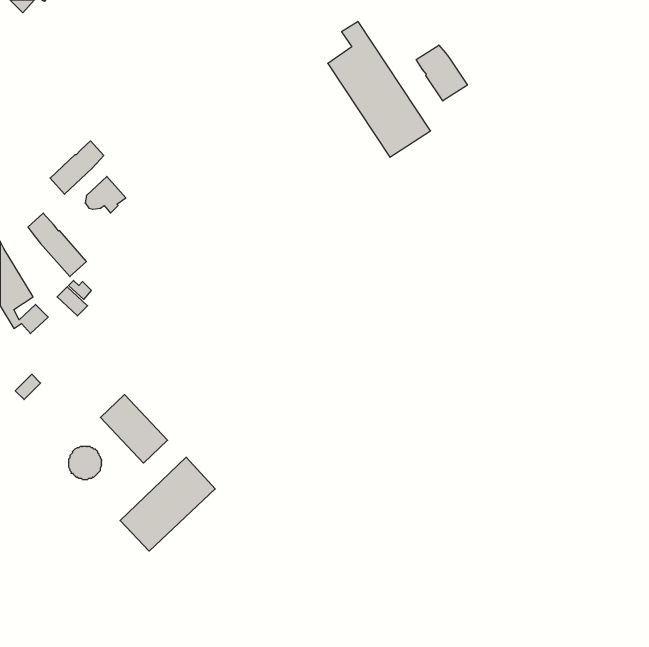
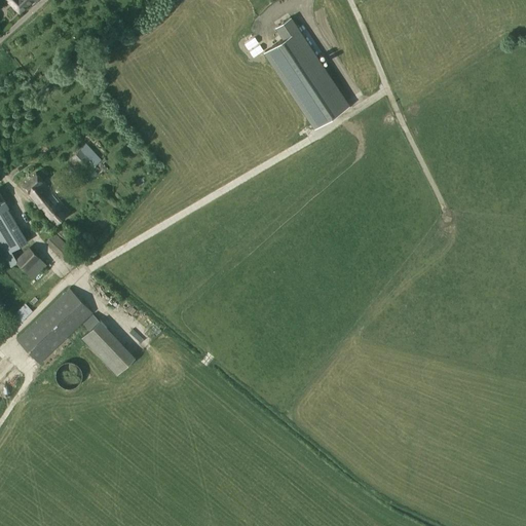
building: [416,45,467,101] -> none
building: [50,141,104,194] -> none
building: [120,457,215,551] -> [16,289,93,365]

